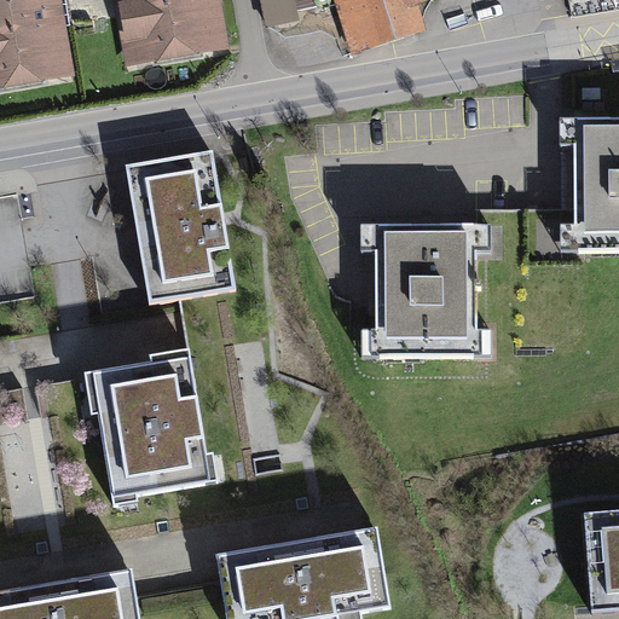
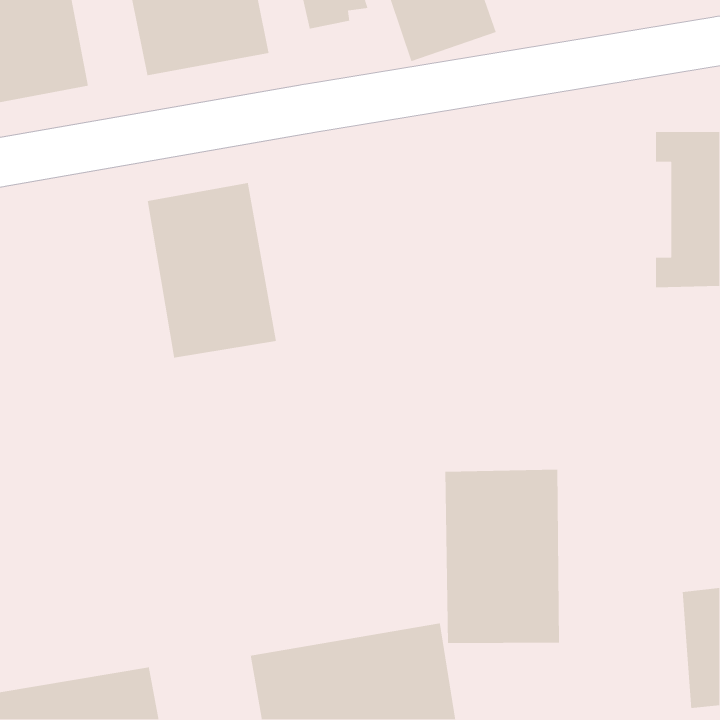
building: [360,218,492,358] -> none
building: [85,365,218,508] -> none
building: none -> [445,469,560,644]

